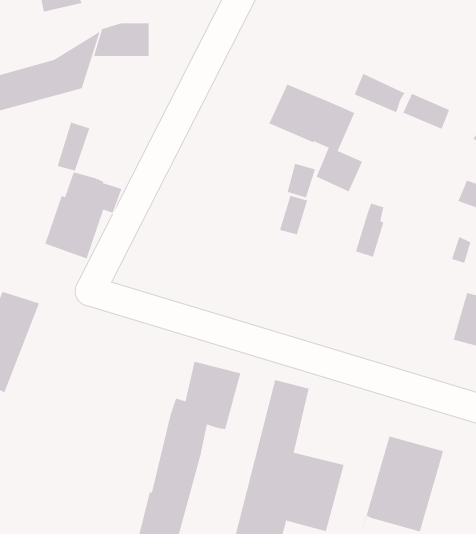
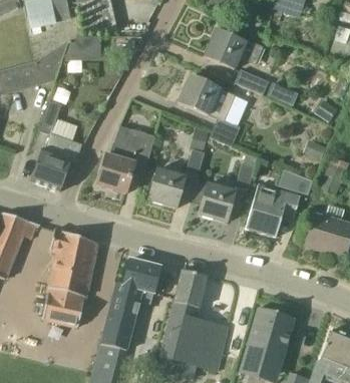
building: none -> [205,29,263,68]
building: none -> [97,125,154,193]
building: none -> [148,168,185,208]
building: none -> [199,182,236,222]
building: none -> [246,182,300,236]
building: none -> [40,229,97,328]

